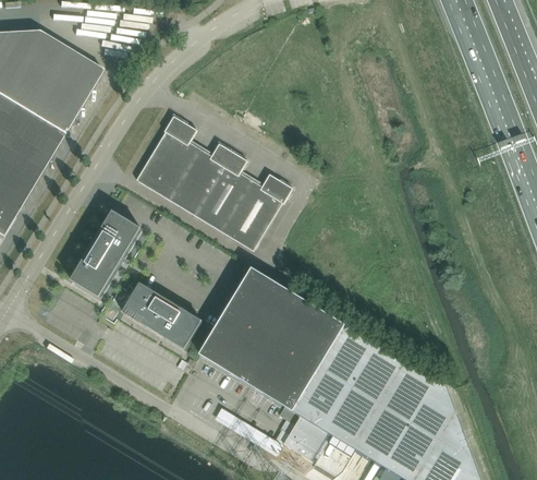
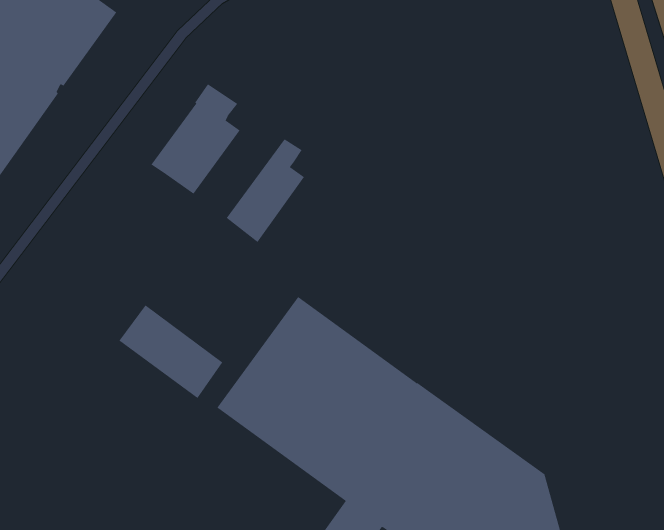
building: [169,143,232,214] -> none
building: [219,173,292,250] -> none
building: [71,212,141,297] -> none

